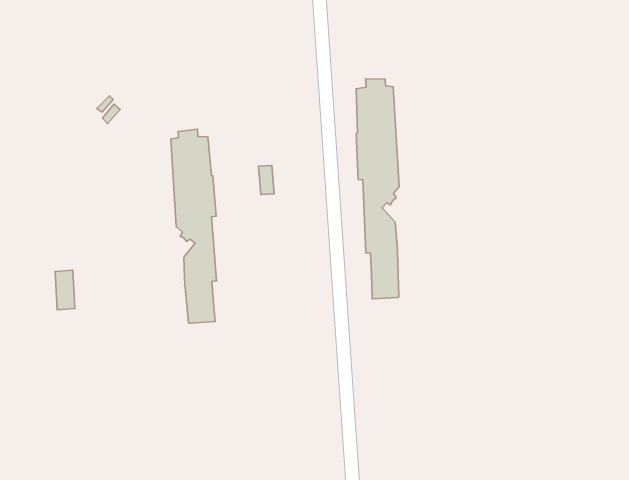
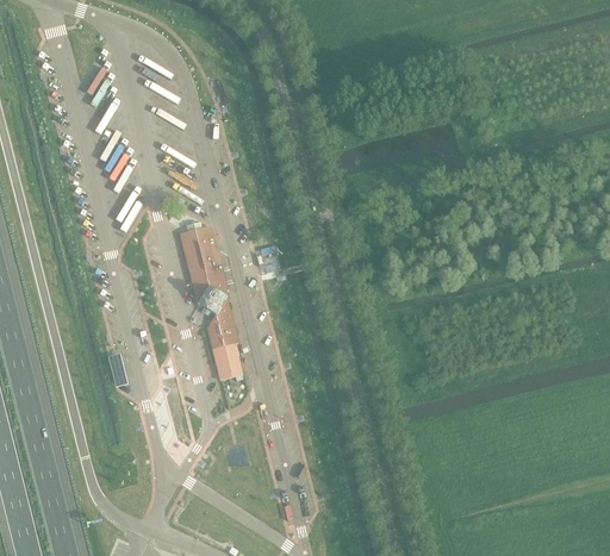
building: [356,79,399,299] -> none

